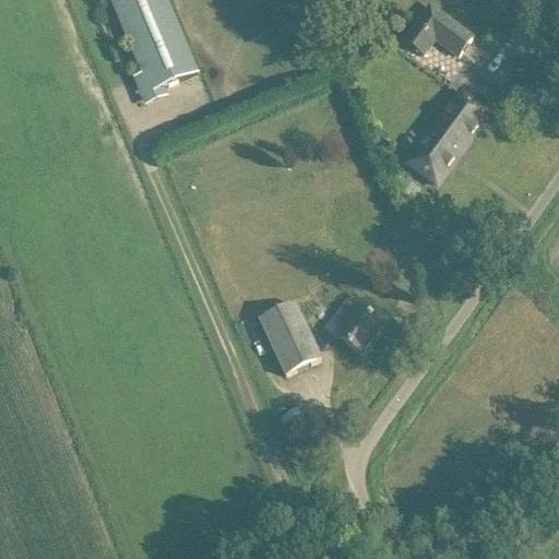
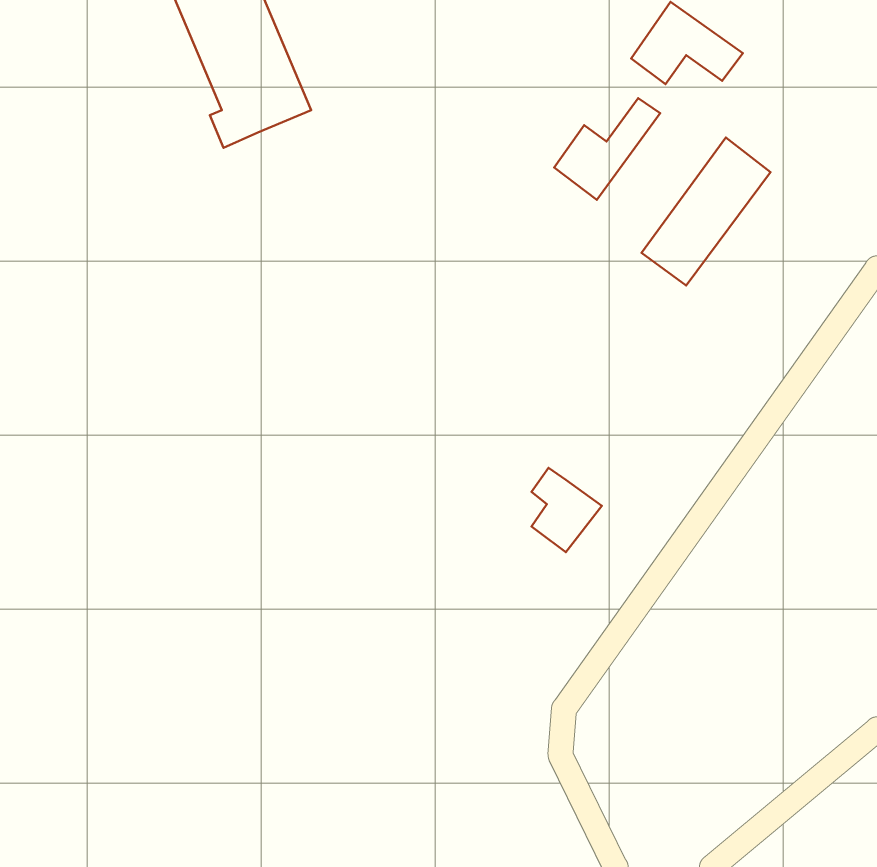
building: none -> [554,98,660,200]
building: [259,299,321,372] -> none

